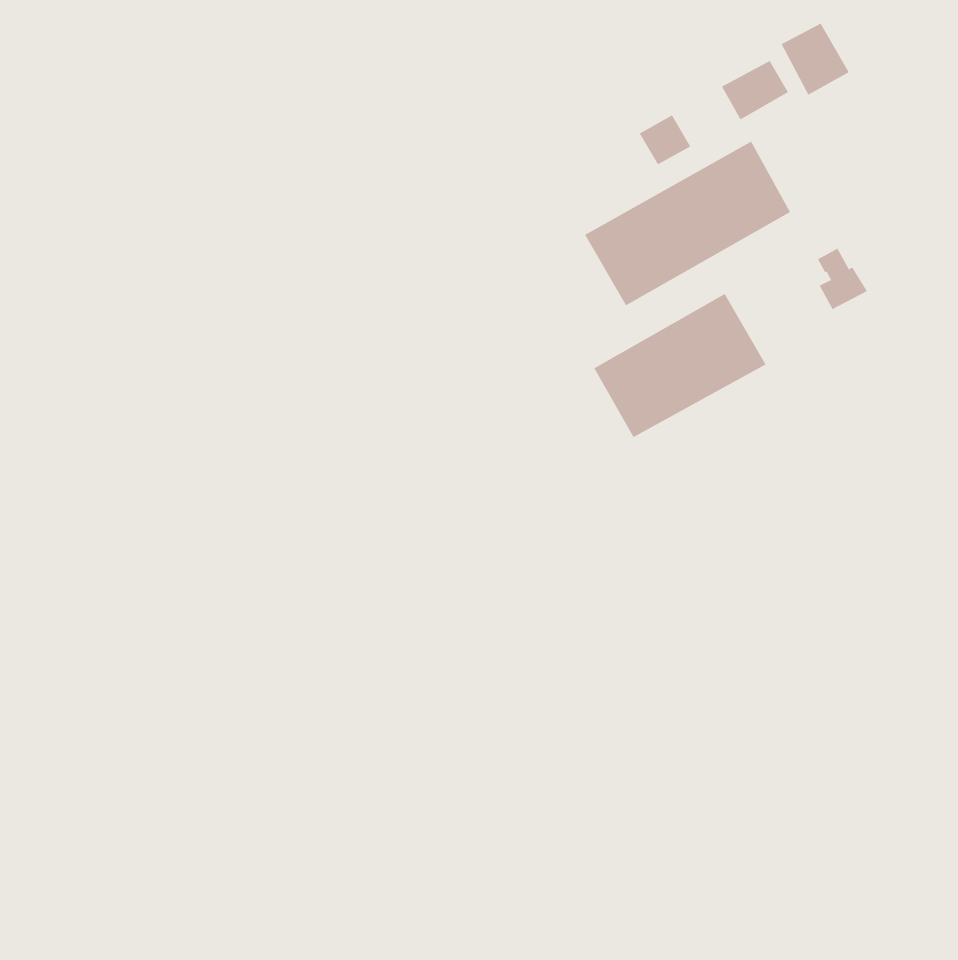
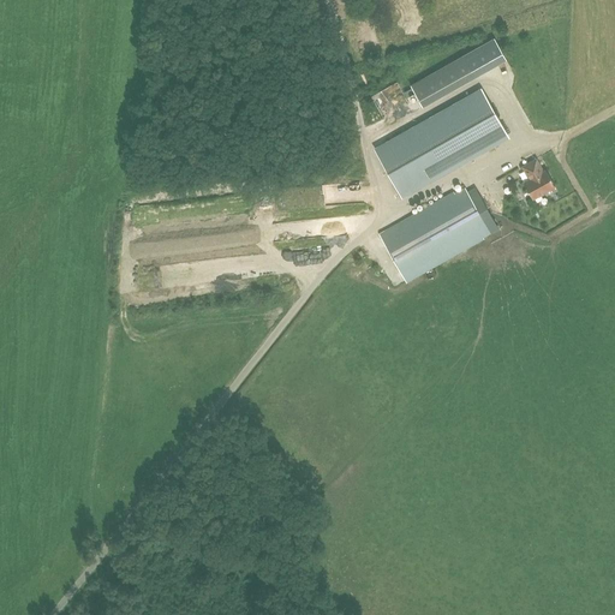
building: [781,23,849,95] -> none
building: none -> [430,55,473,94]

